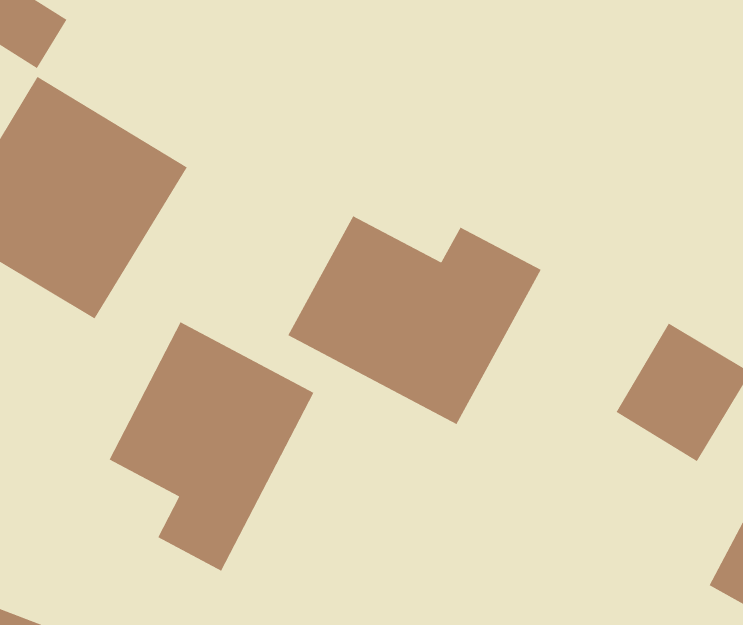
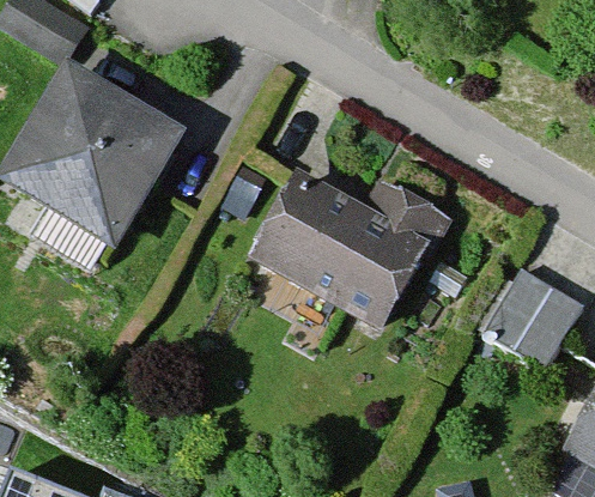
building: [109,321,314,572] -> none

